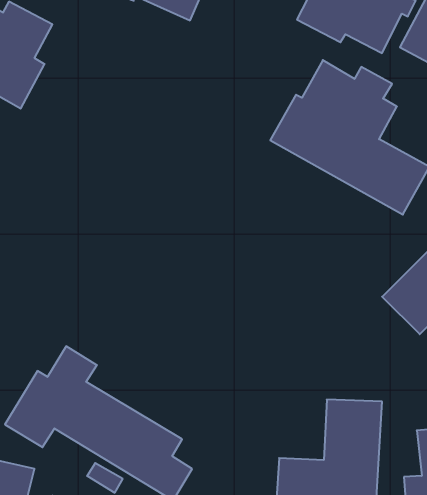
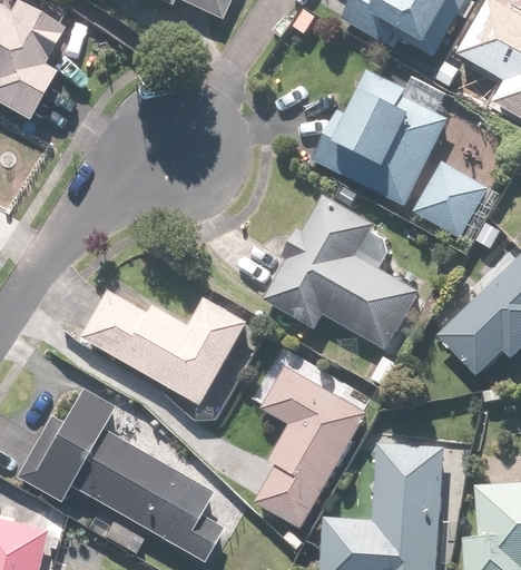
building: none -> [266,196,420,351]
building: none -> [83,287,254,410]
building: none -> [260,365,368,531]

